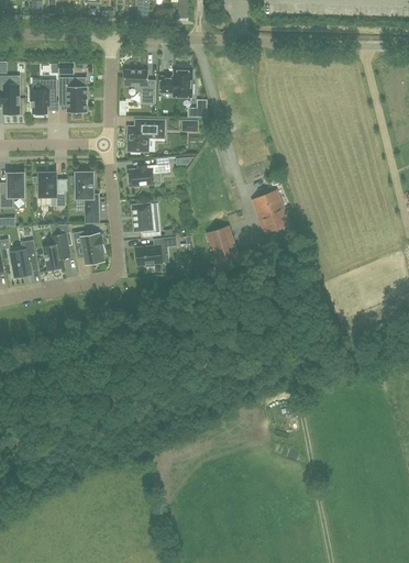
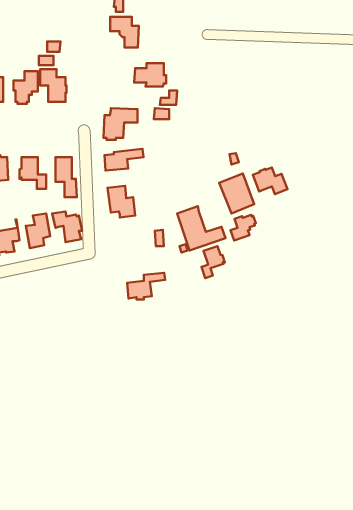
building: [124,69,155,102] -> [110,17,139,47]
building: none -> [253,167,288,194]
building: none -> [231,215,256,240]
building: [135,236,176,265] -> [127,273,165,299]
building: none -> [201,246,225,278]

